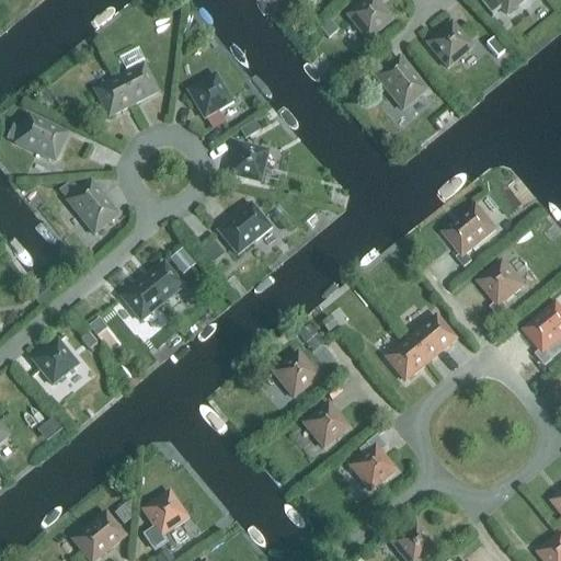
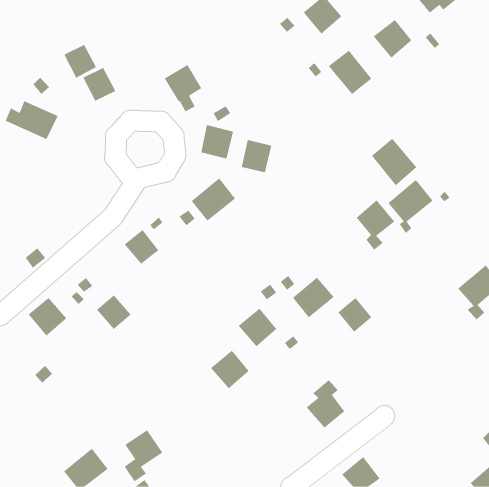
building: [119,65,158,104] -> [63,44,97,79]
building: none -> [371,138,417,186]
building: none -> [241,139,272,173]
building: [58,178,118,233] -> none
building: [479,261,524,319] -> [356,200,395,250]
building: [122,279,162,320] -> [96,294,132,330]
building: [408,316,456,363] -> [292,277,334,318]
building: [304,402,348,447] -> [210,350,250,389]

